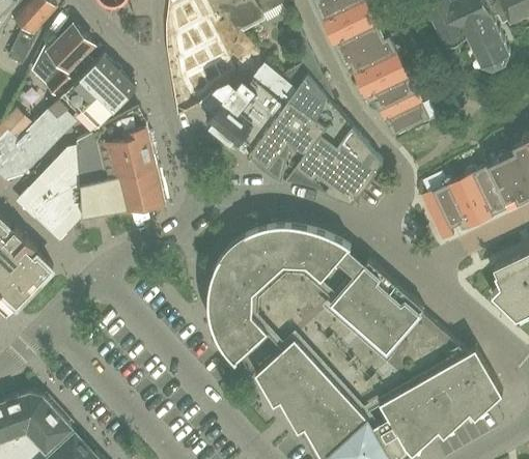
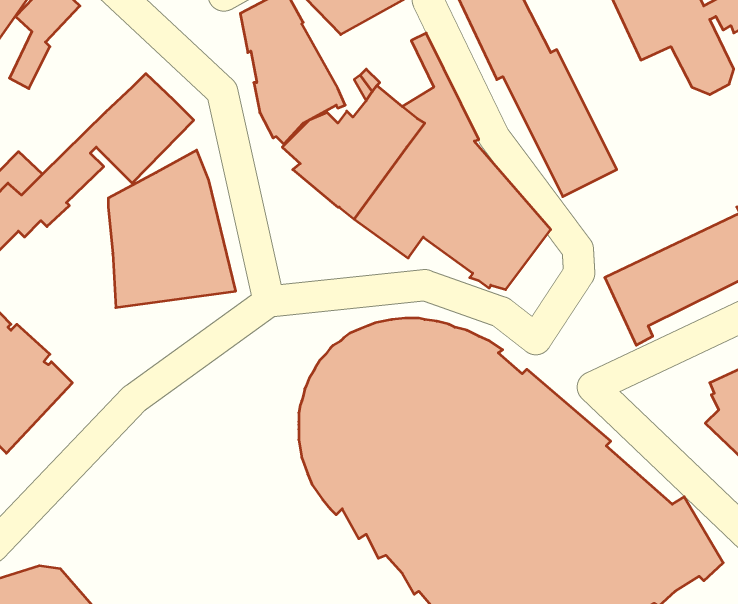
building: [30,27,93,99] -> none
building: [23,148,81,242] -> none

